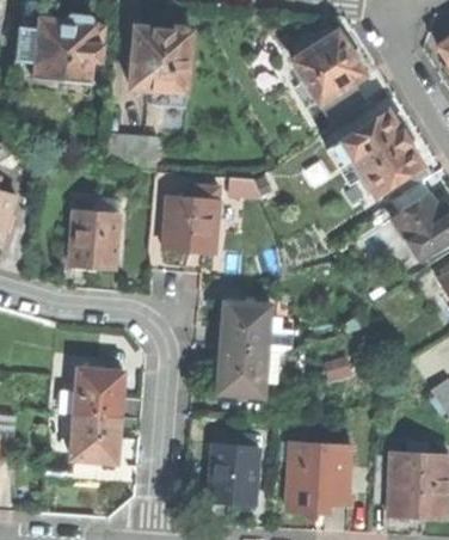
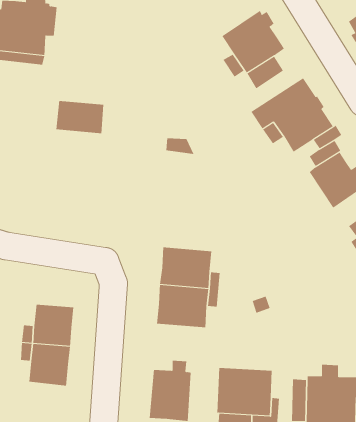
building: [130,25,190,108] -> none
building: [164,186,220,254] -> none
building: [69,198,119,270] -> none

